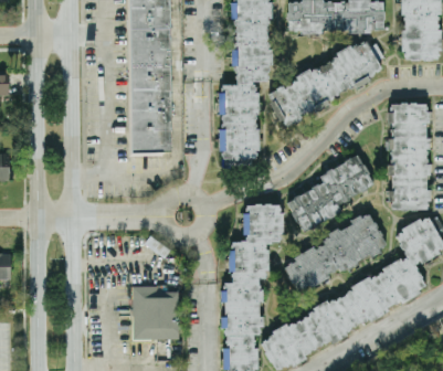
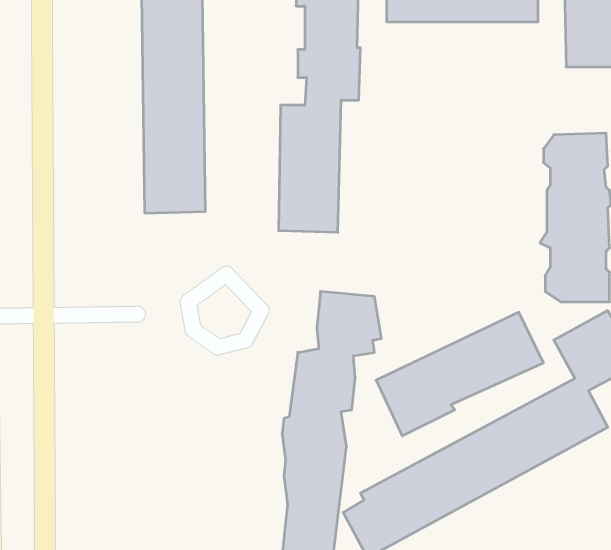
building: [265,42,384,119] -> none
building: [285,157,373,231] -> none
building: [131,285,179,339] -> none

